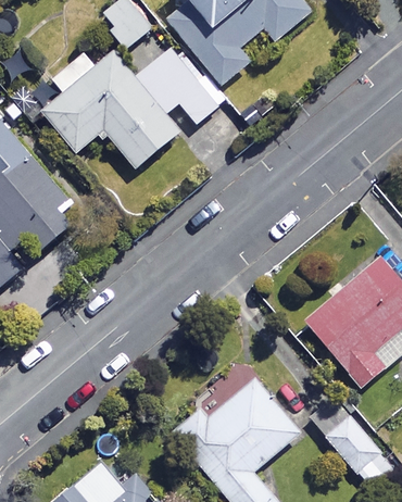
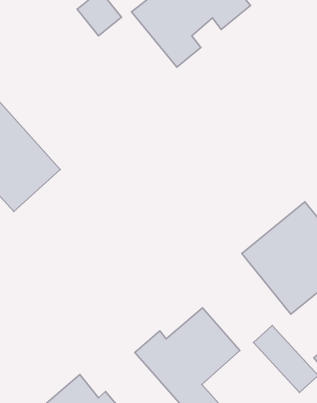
building: [42,28,224,170] -> none

